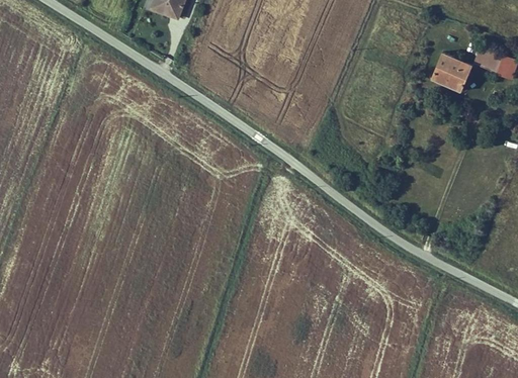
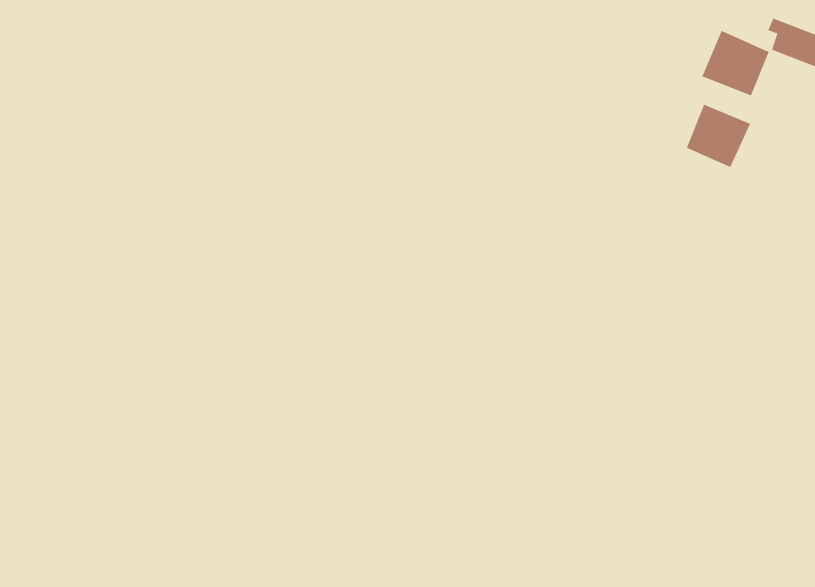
building: none -> [686,104,751,168]

